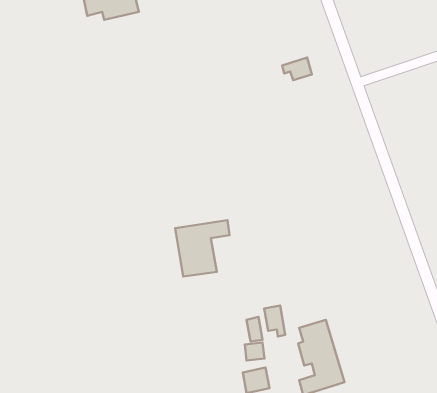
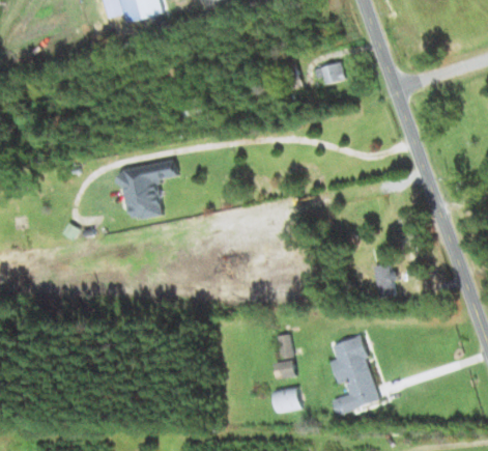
building: [175,220,230,277] -> [120,161,177,220]
building: none -> [373,263,395,298]
building: [264,305,285,337] -> none

